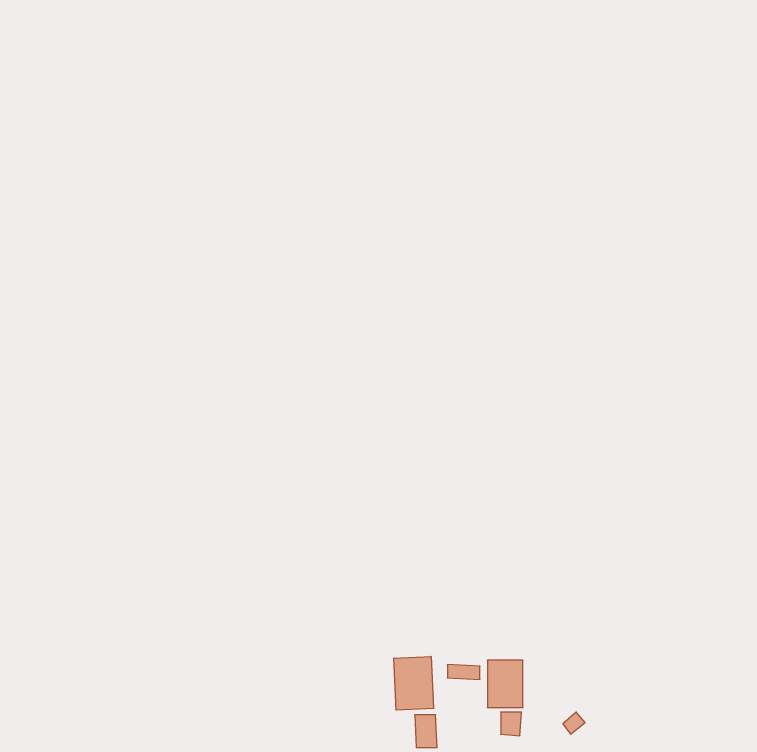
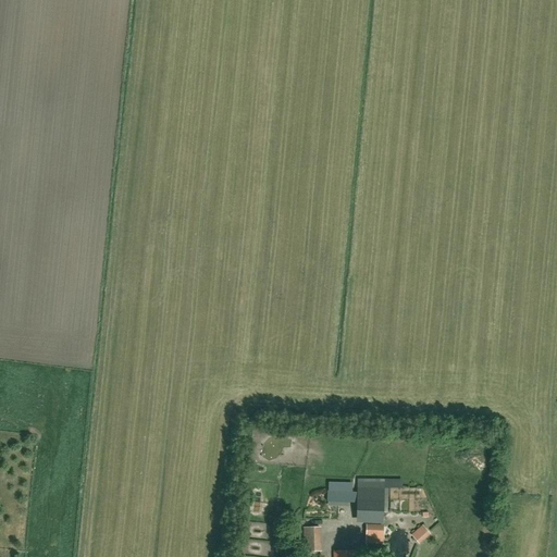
building: [394,656,434,710] -> none

